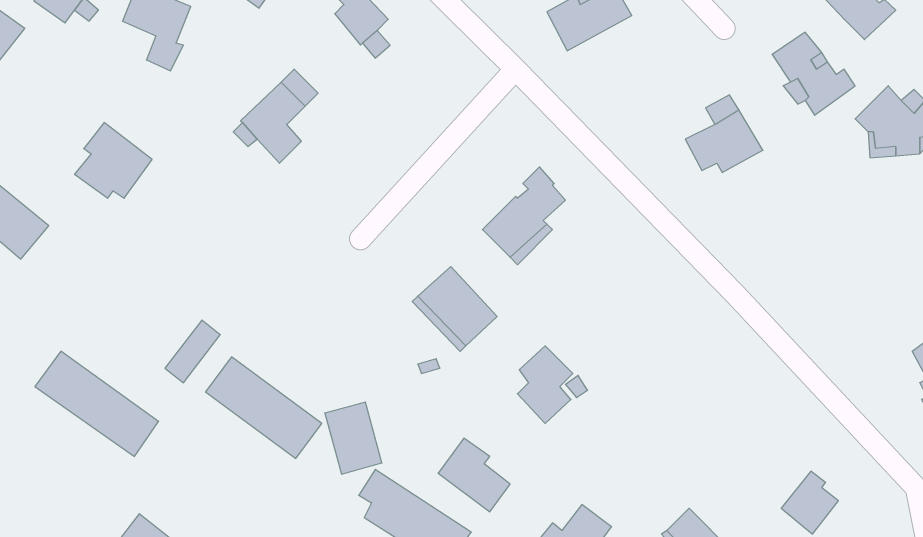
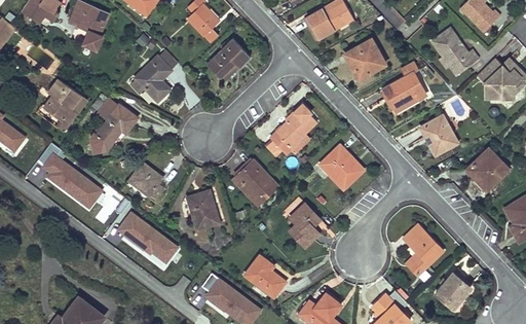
building: none -> [206,38,251,81]
building: none -> [347,39,386,78]
building: none -> [88,100,136,151]
building: none -> [419,115,457,154]
building: none -> [320,145,364,190]
building: none -> [467,149,510,190]
building: none -> [129,163,166,201]
building: [35,351,159,456] -> [36,150,105,209]
building: none -> [404,224,443,275]
building: [325,402,382,474] -> [187,189,219,229]

